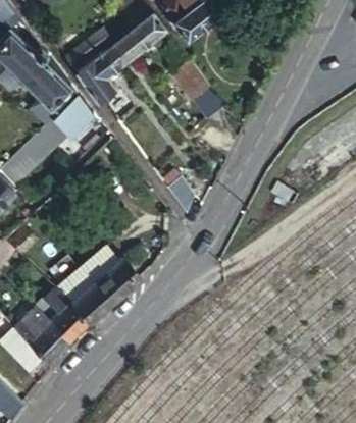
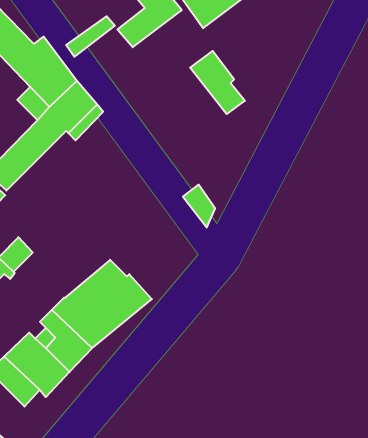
building: [78,50,123,102] -> none

